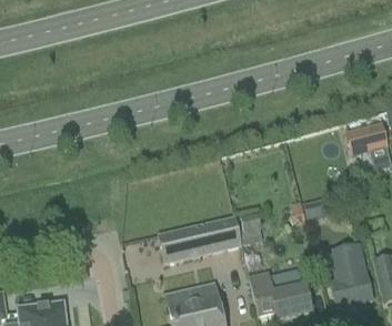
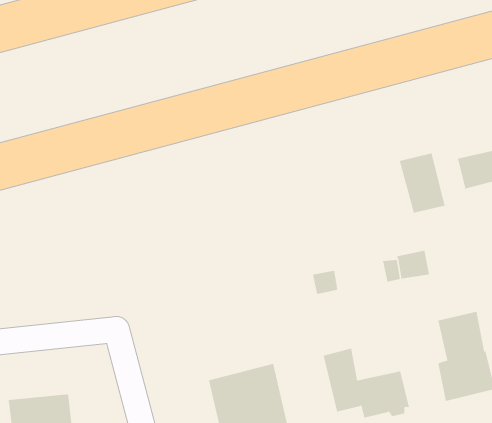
building: none -> [399,152,445,214]
building: [158,215,242,261] -> none

